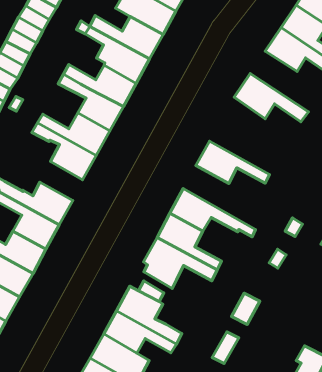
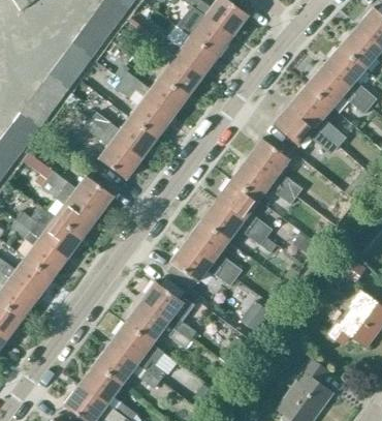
building: none -> [291,84,345,145]
building: none -> [246,139,304,198]
building: none -> [216,180,279,246]

